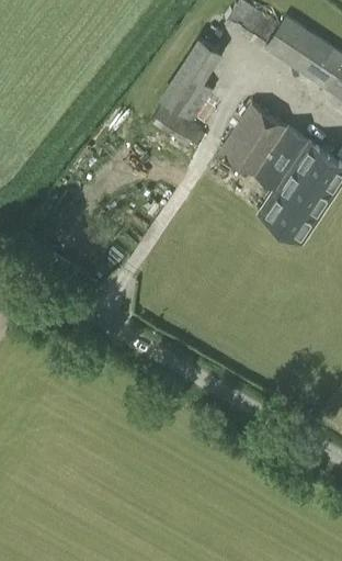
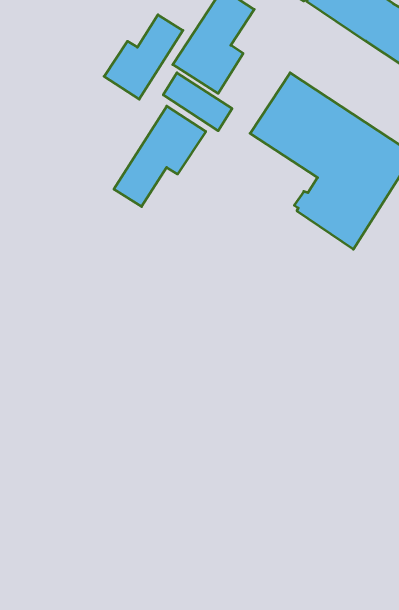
building: none -> [104,15,183,99]
building: none -> [114,106,206,207]

